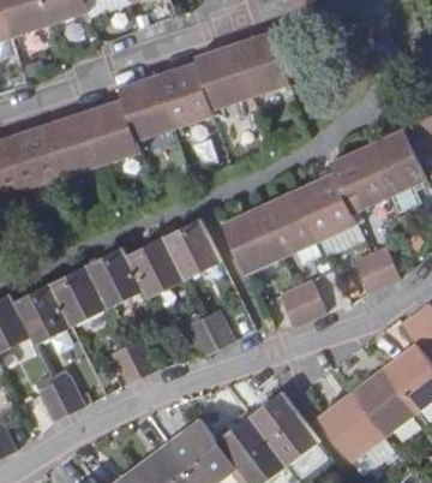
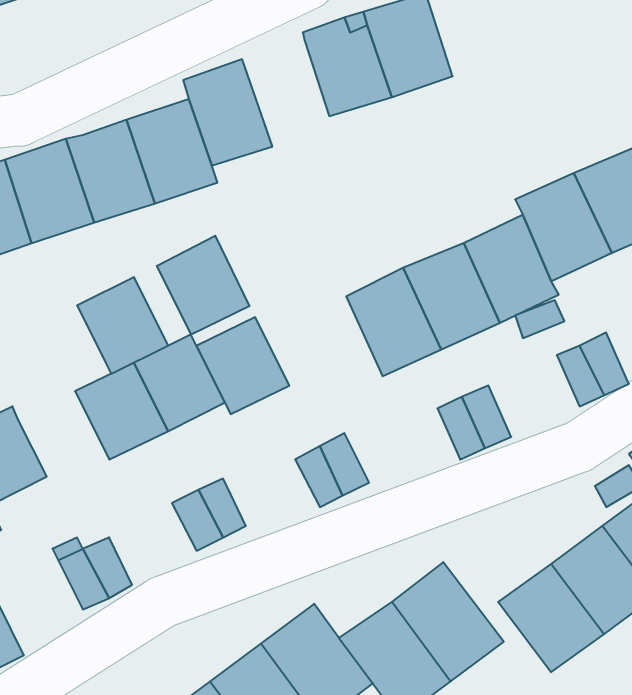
building: [156,61,214,129] -> none
building: [164,217,223,280] -> [157,236,250,334]
building: [14,284,72,345] -> [77,277,168,374]

